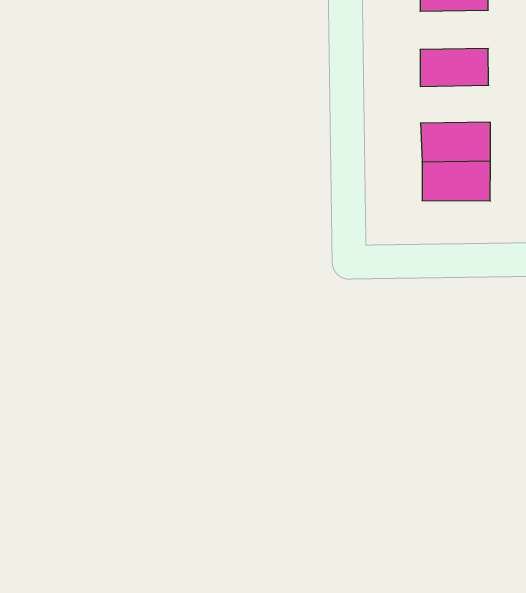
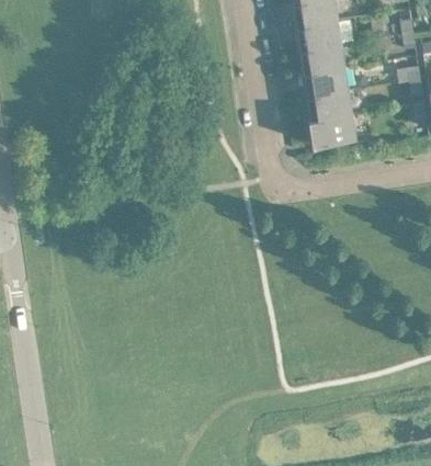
building: none -> [295,21,341,52]
building: none -> [302,68,349,98]

